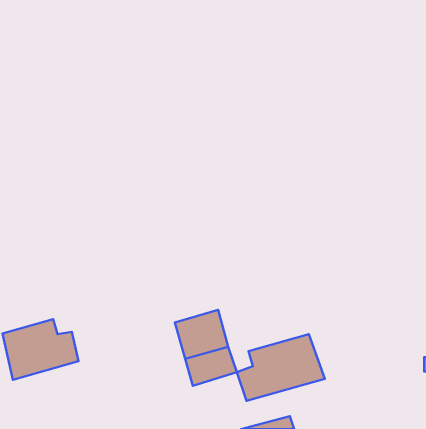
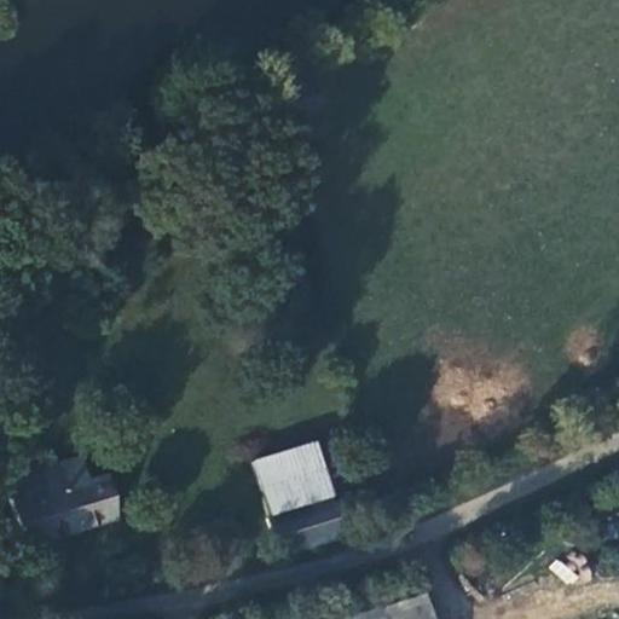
building: [237,334,325,401] -> none

